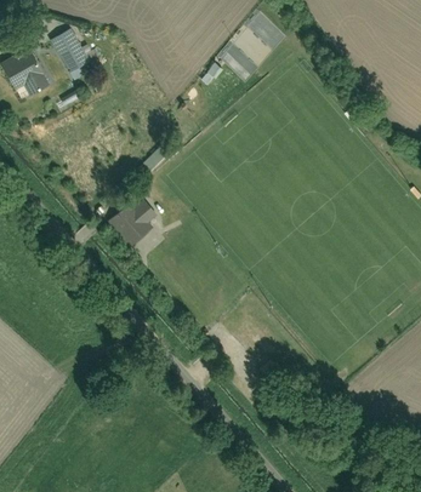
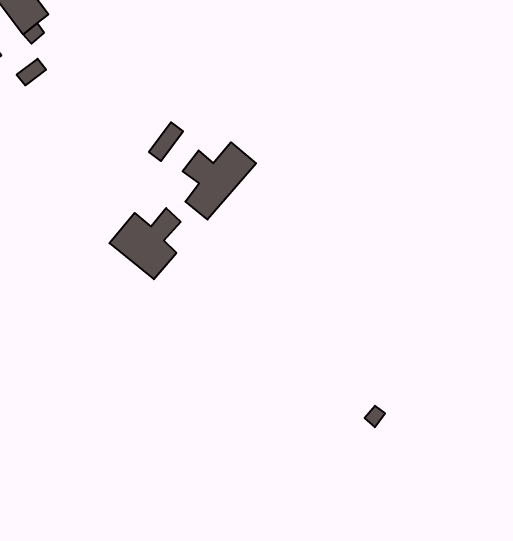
building: none -> [183,142,256,220]

